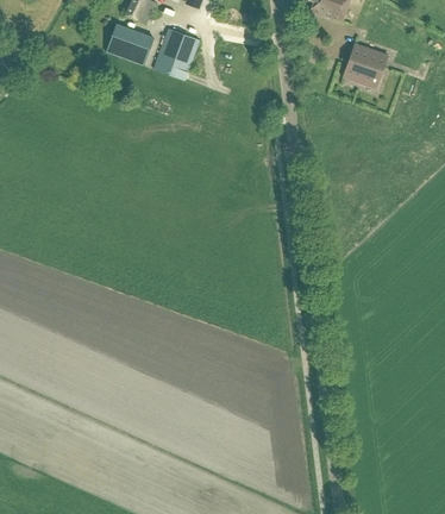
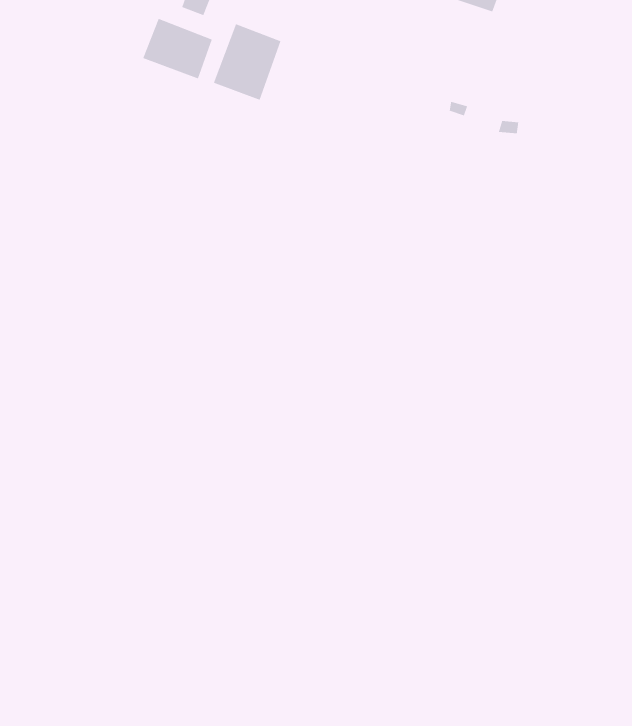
building: [343,43,388,88] -> none

